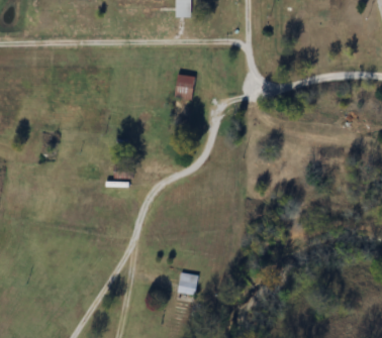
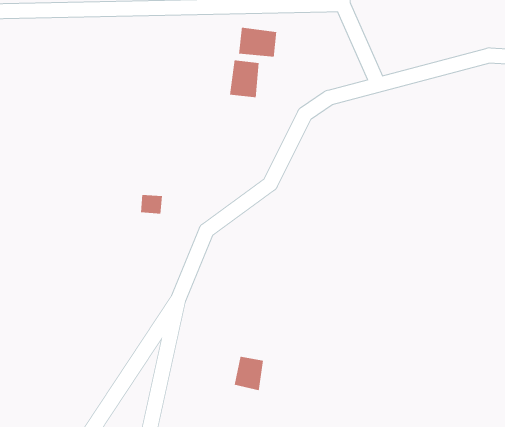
building: none -> [238,27,277,57]

